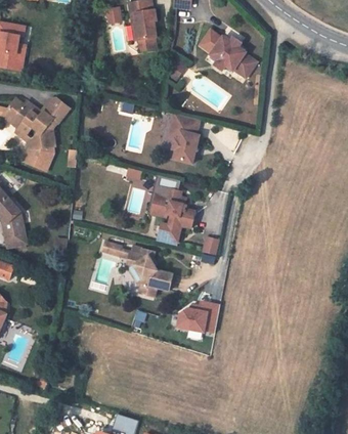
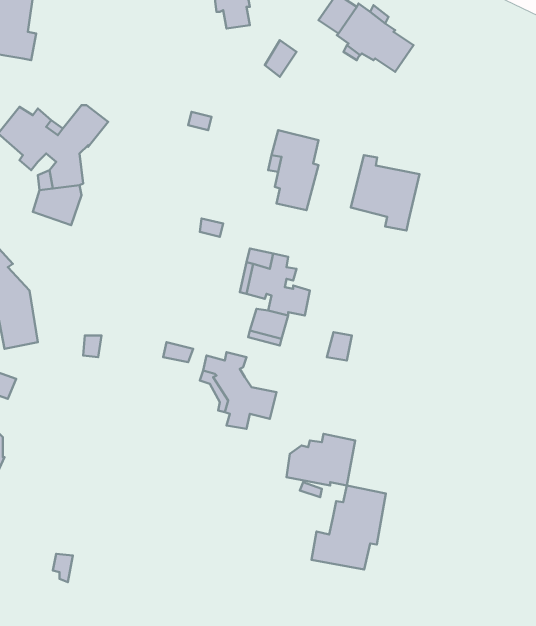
building: none -> [351,155,420,231]
building: none -> [312,485,386,569]

